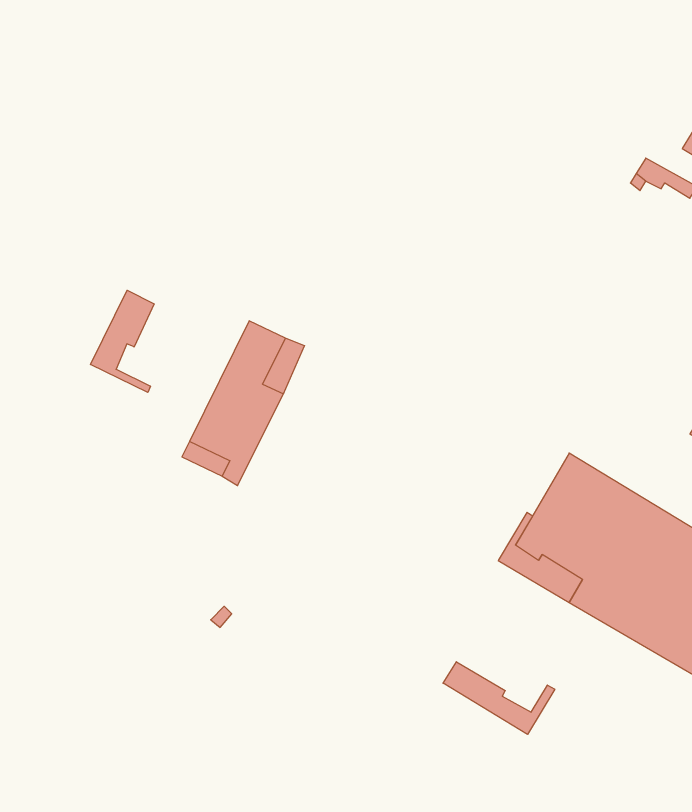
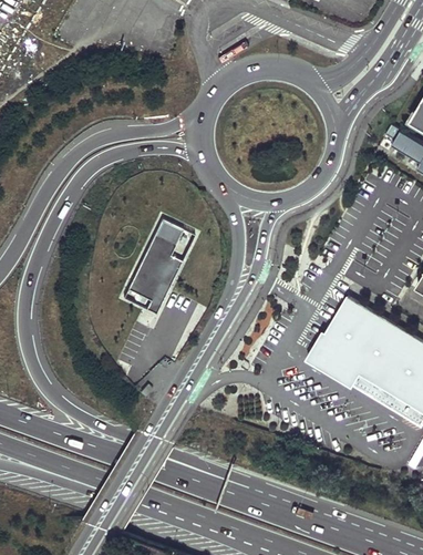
building: [91,290,154,392] -> none
building: [443,662,555,734] -> none

